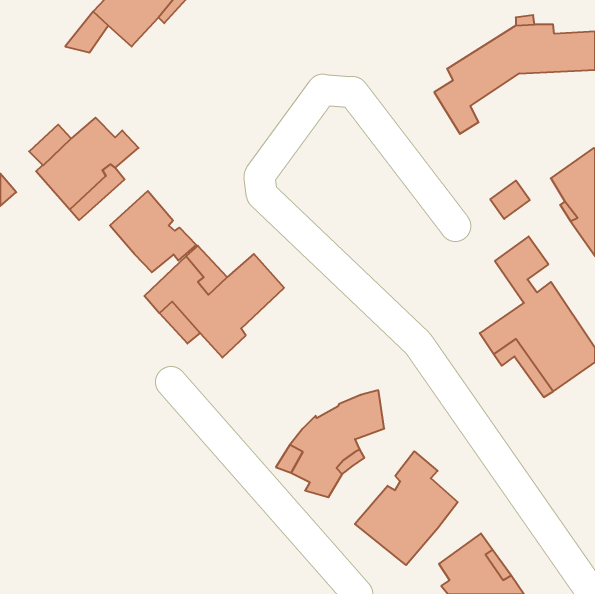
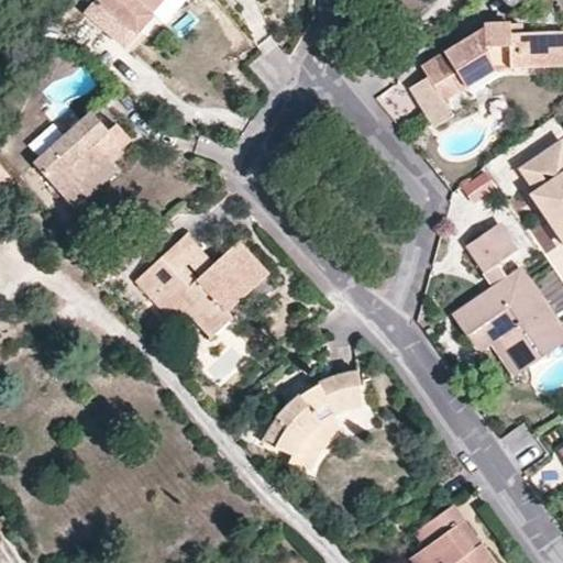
building: [110,191,196,272] -> none
building: [355,451,458,565] -> none

